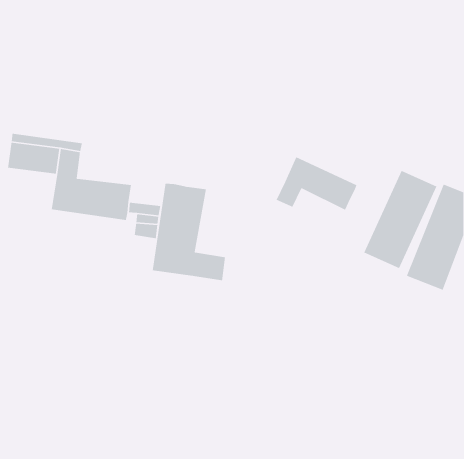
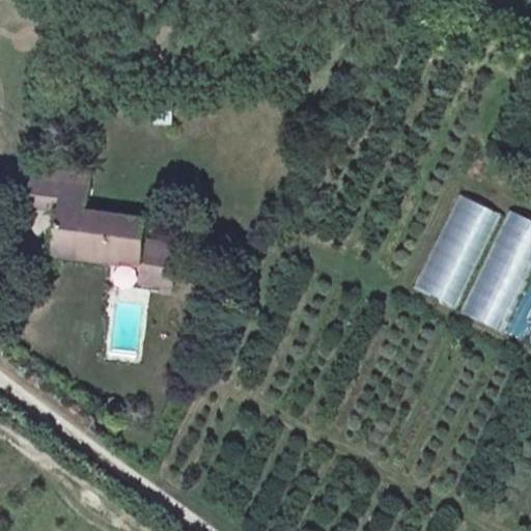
building: [276,156,357,211] -> none
building: [152,183,226,281] -> none

